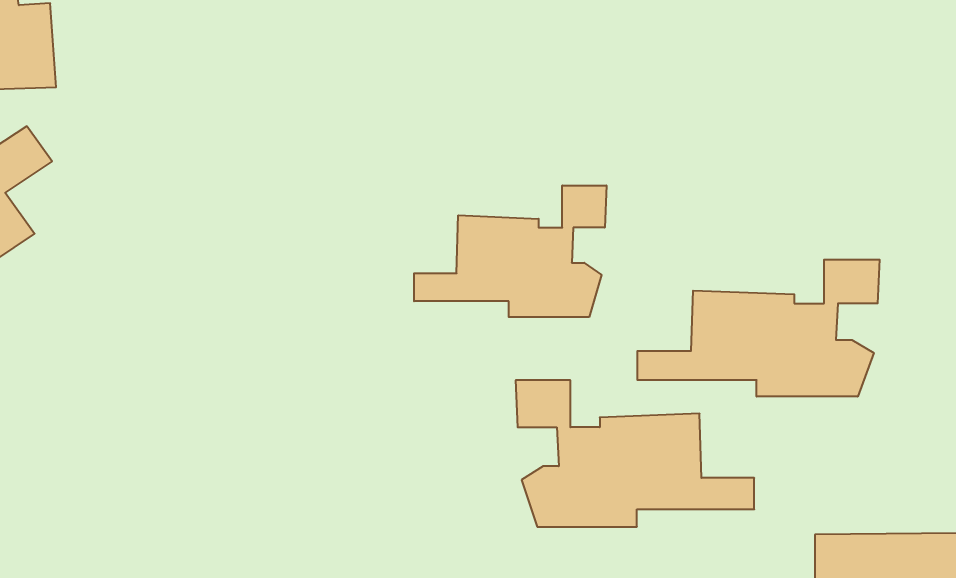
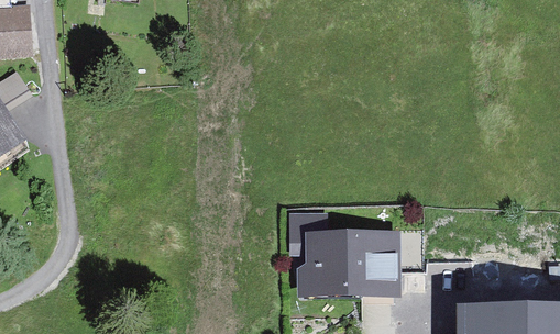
building: [414,185,606,317] -> none
building: [637,260,880,397] -> none

